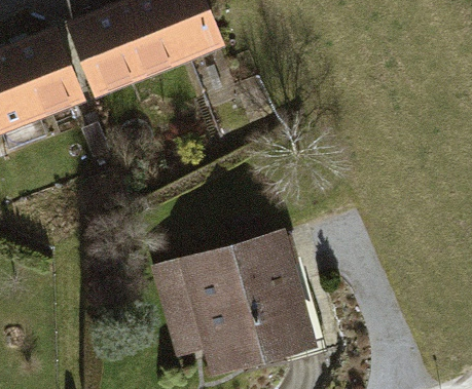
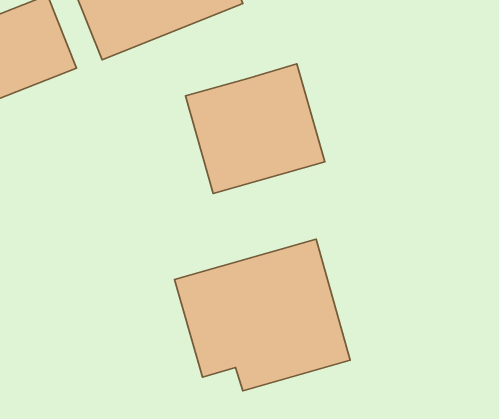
building: none -> [185,64,325,193]

